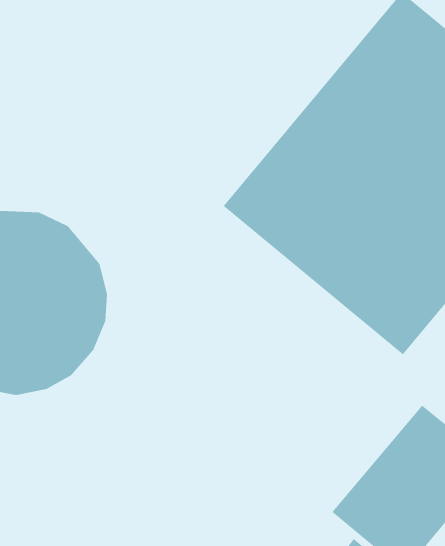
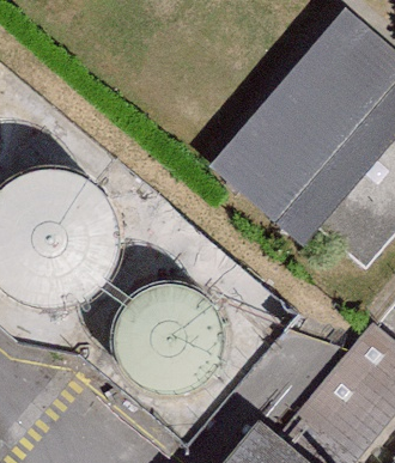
building: none -> [116,290,225,398]

